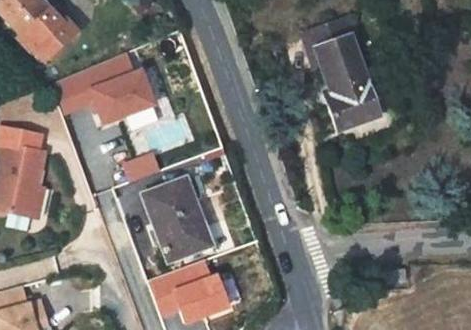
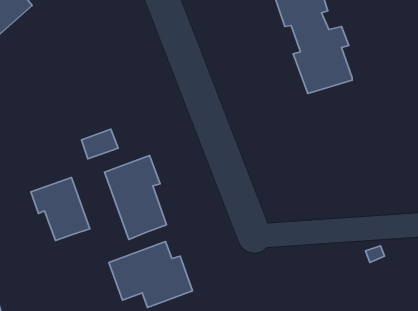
building: [54,55,155,124] -> none
building: none -> [31,178,90,240]

